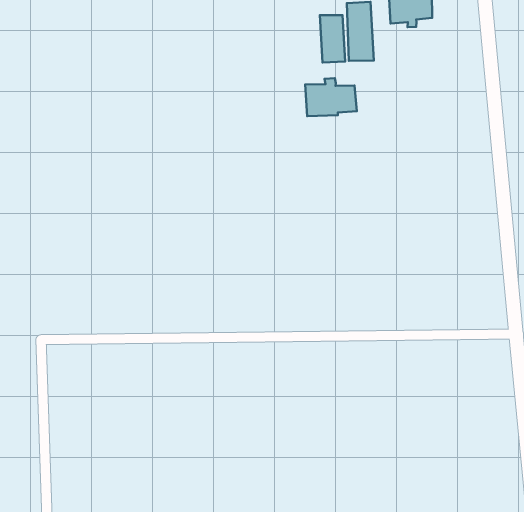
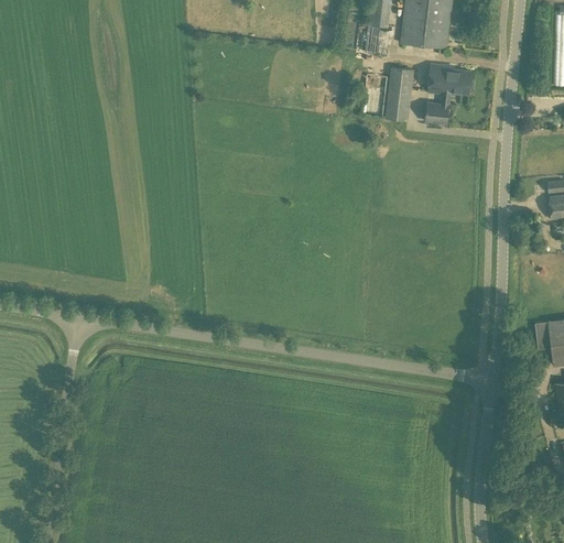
building: none -> [425,97,449,123]
building: [305,78,357,116] -> none

